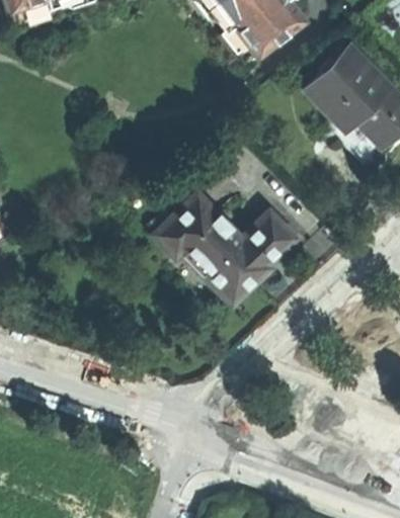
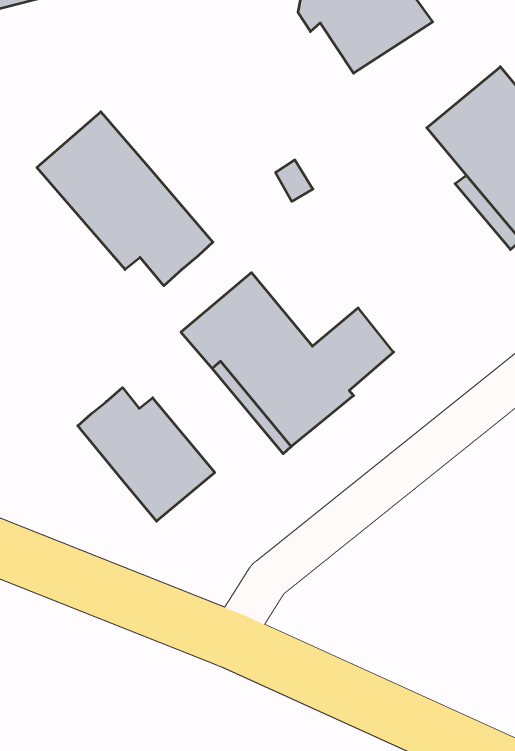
building: none -> [37,112,213,286]
building: none -> [78,388,215,521]

